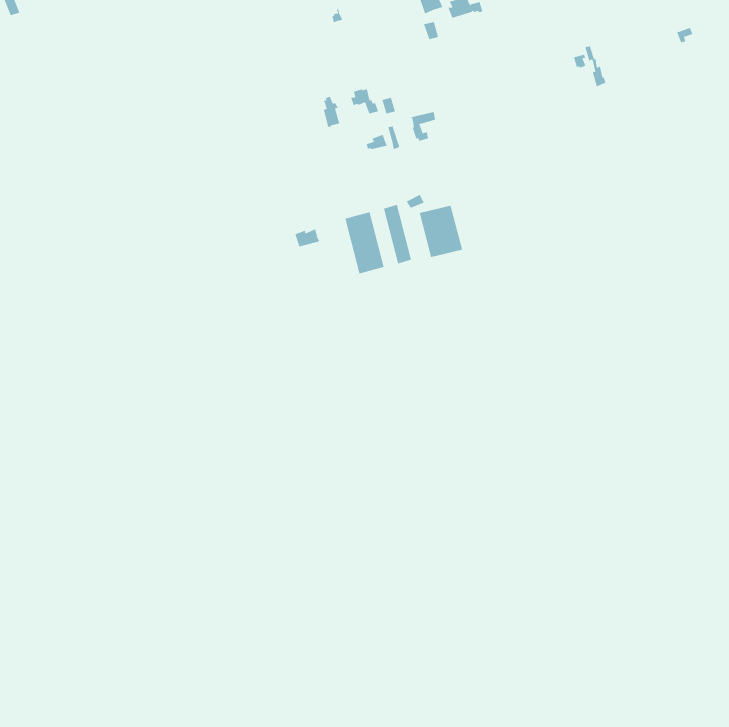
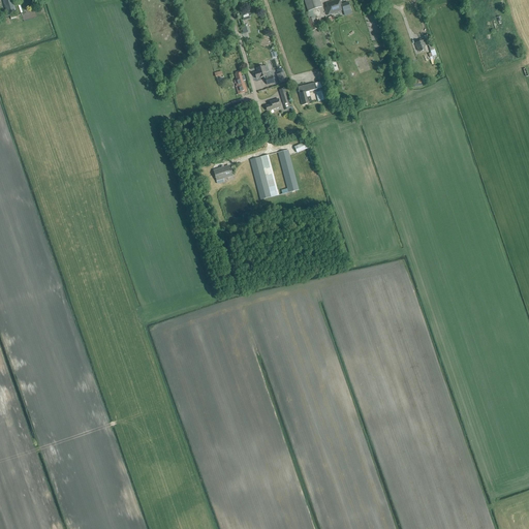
building: [419,205,463,258] -> none

